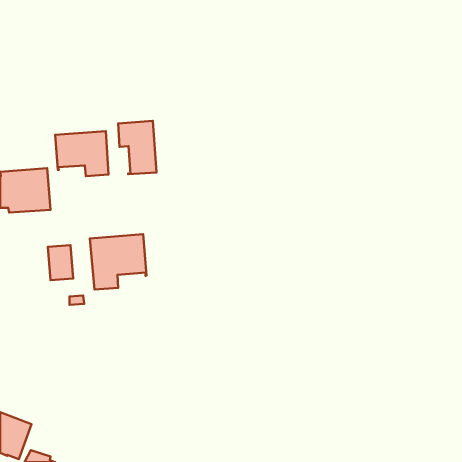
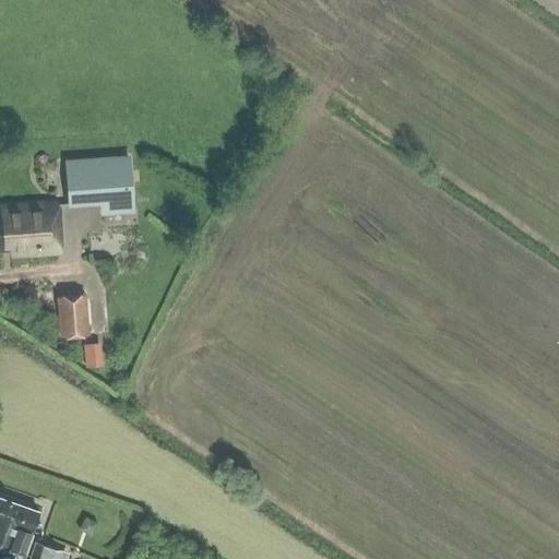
building: [118,121,157,174] -> none
building: [90,234,146,289] -> none

